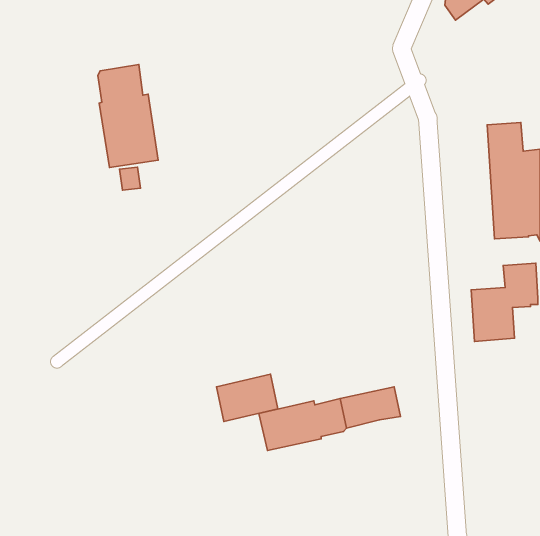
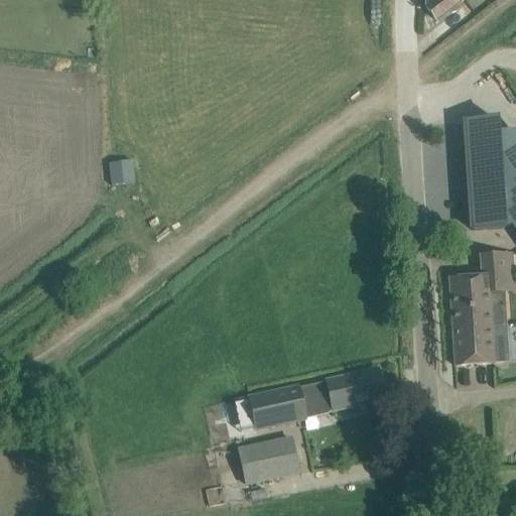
building: [98,64,158,167] -> none
building: none -> [453,321,508,364]
building: [217,374,278,422] -> [239,436,297,482]

